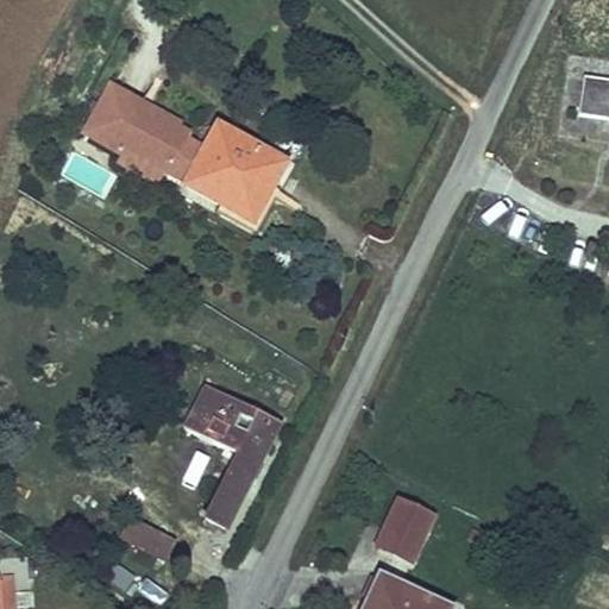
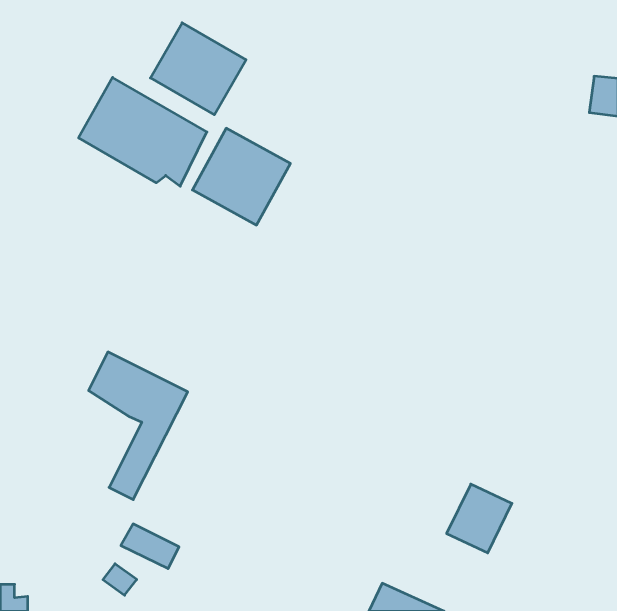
building: none -> [150,23,246,115]
building: [183,385,281,530] -> [89,352,188,500]
building: [372,496,437,564] -> [447,484,512,553]

